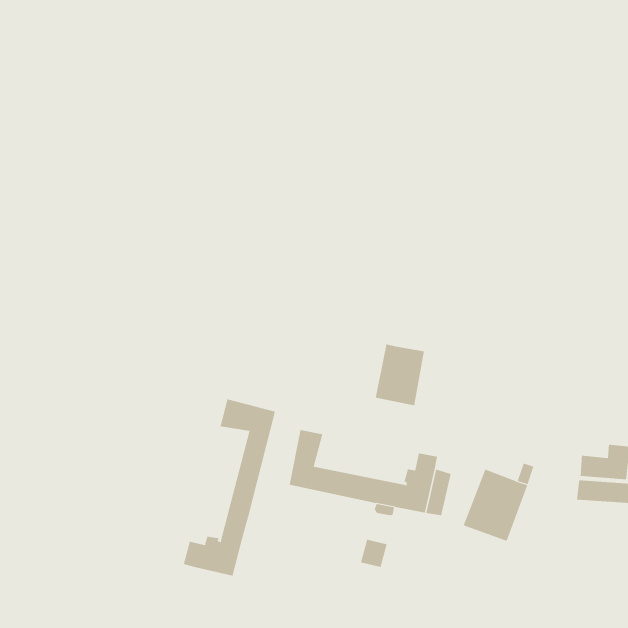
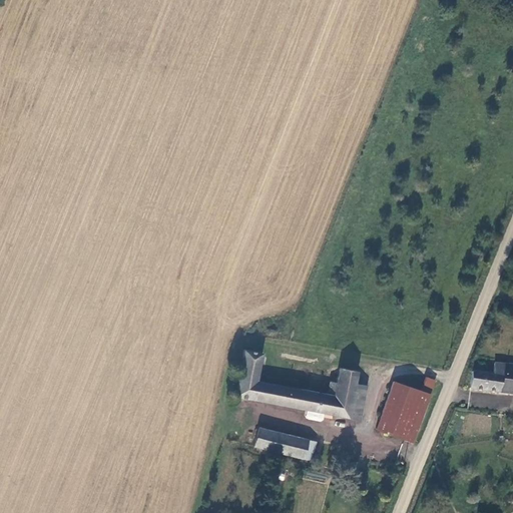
building: [375,343,424,406] -> none
building: [183,398,276,576] -> none
building: none -> [255,428,300,457]

